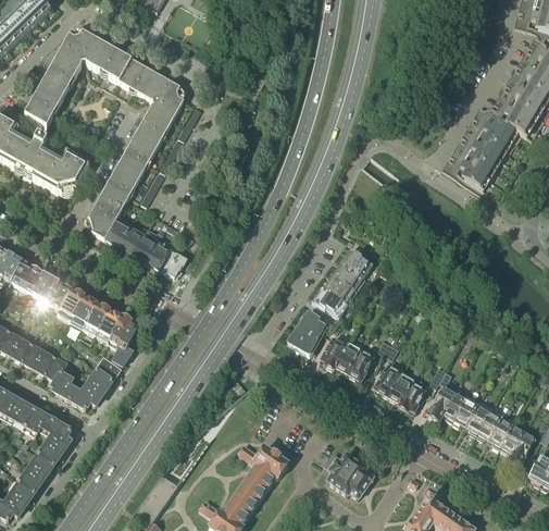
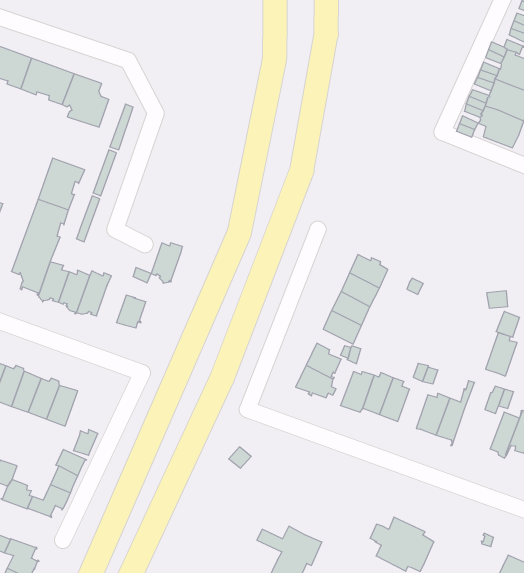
building: [134,107,173,149] -> none
building: [147,239,174,270] -> [151,243,183,283]
building: [109,314,138,349] -> none
building: [399,379,426,412] -> [486,333,517,376]

